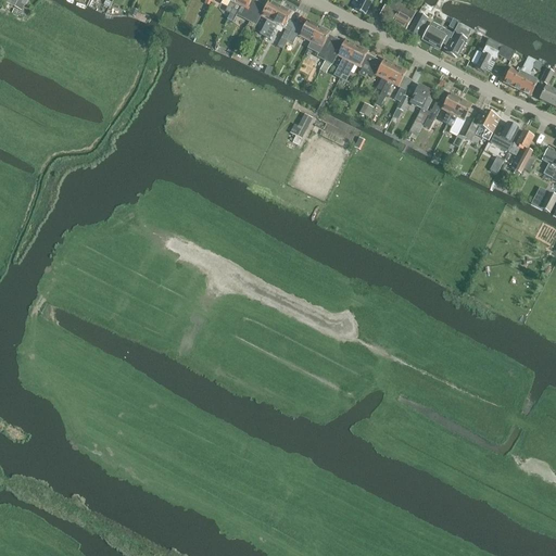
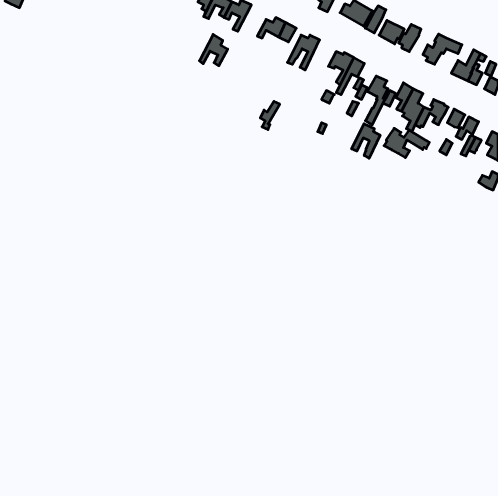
building: [265,5,296,40] -> [199,34,228,66]
building: [340,45,375,80] -> none
building: none -> [352,124,380,158]
building: none -> [384,128,429,158]

